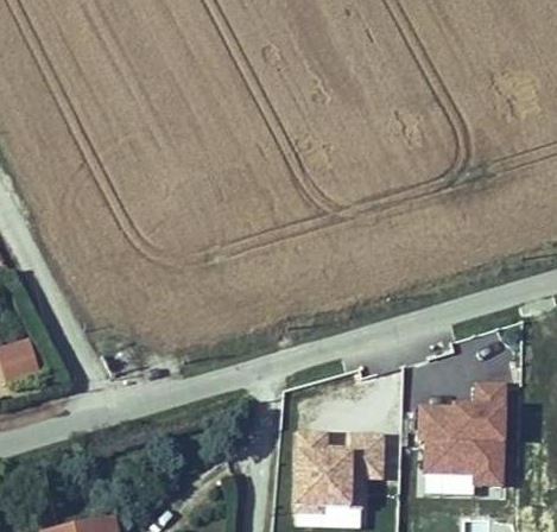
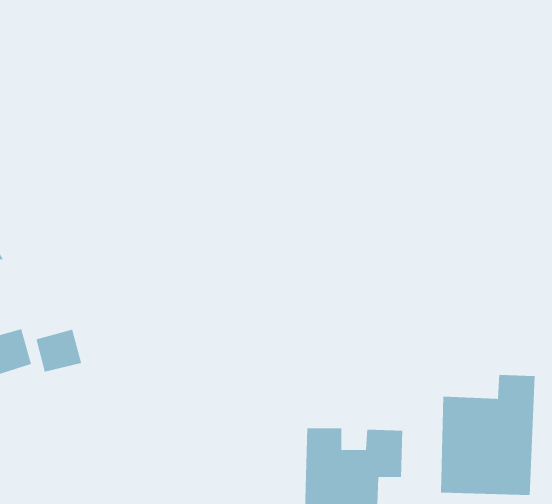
building: none -> [36,329,82,373]

